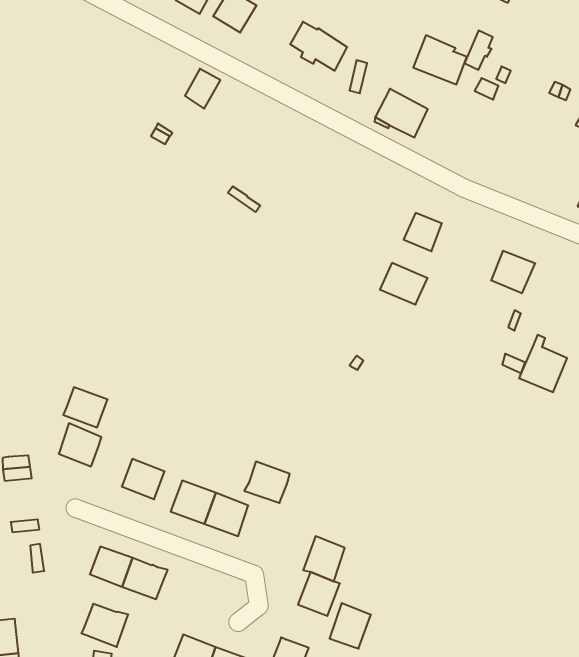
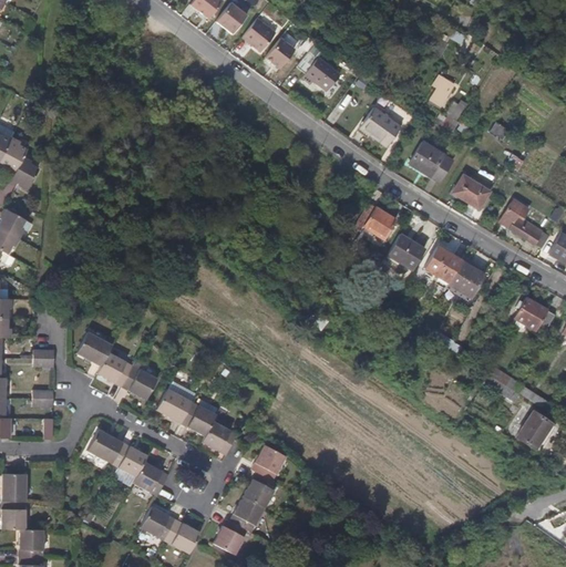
building: [413,35,467,84] -> [409,142,451,183]
building: [185,69,220,109] -> [267,39,296,70]
building: none -> [453,175,491,209]
building: [380,263,428,305] -> [387,235,424,269]
building: [519,335,567,392] -> [446,254,485,299]
building: [63,387,108,427] -> [96,351,132,384]
building: [244,461,290,503] -> [199,420,236,454]
building: [329,603,371,649] -> [228,494,263,530]
building: [81,604,128,647] -> [131,458,168,494]

